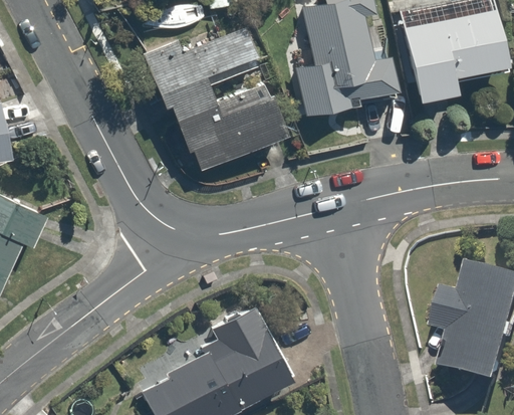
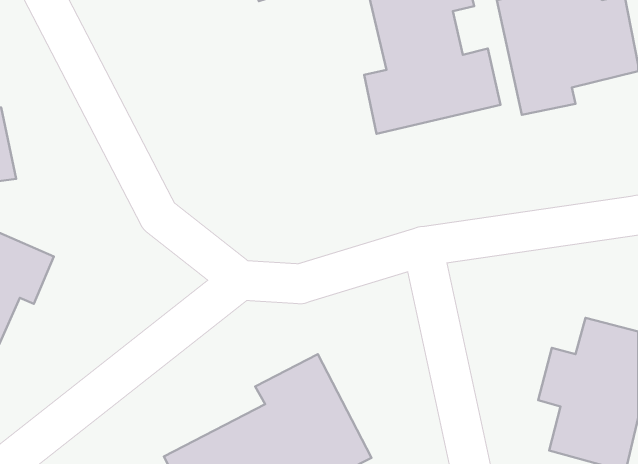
building: [144,19,290,173] -> none

